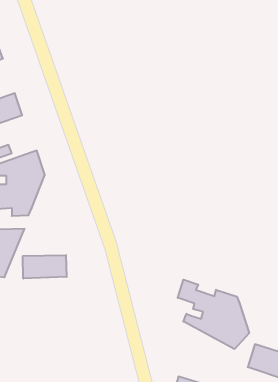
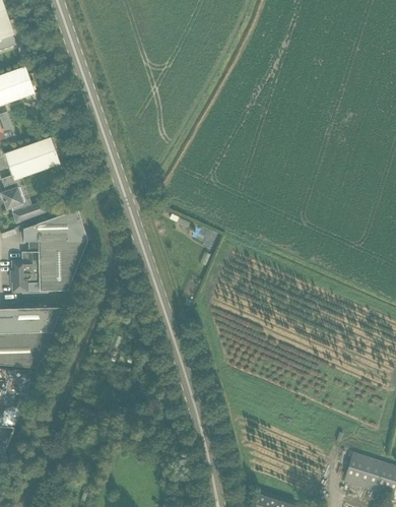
building: [23,255,67,279] -> none
building: [178,280,249,349] -> none

